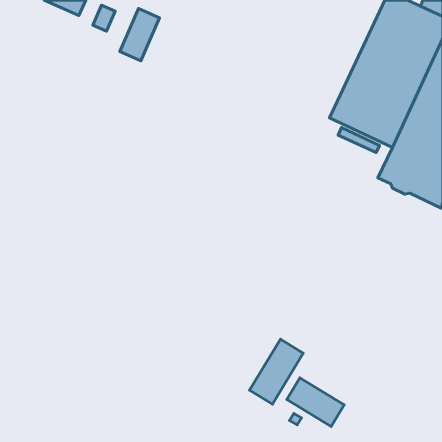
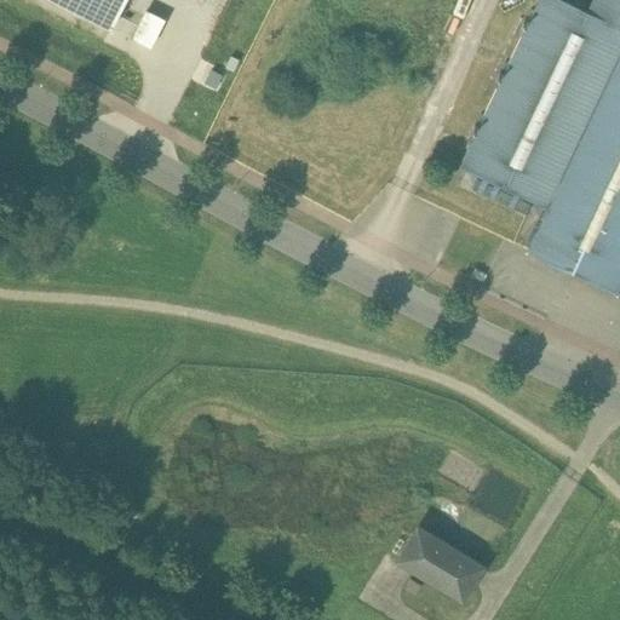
building: [120,8,160,61] -> none
building: [250,339,303,404] -> none

